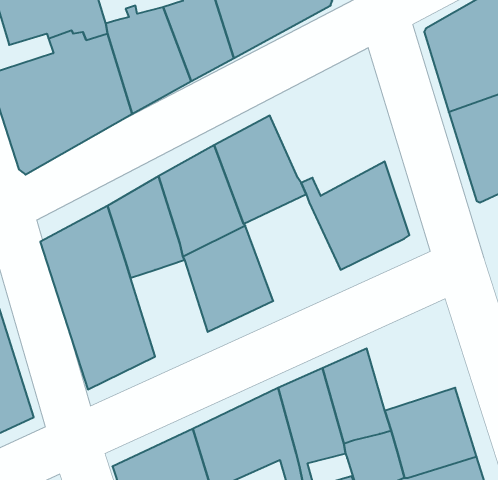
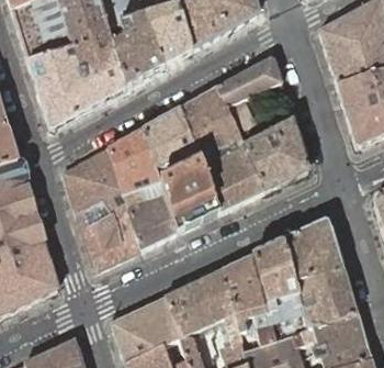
building: none -> [217,56,282,129]
building: none -> [200,140,264,211]
building: none -> [124,183,176,248]
building: none -> [282,222,341,285]

